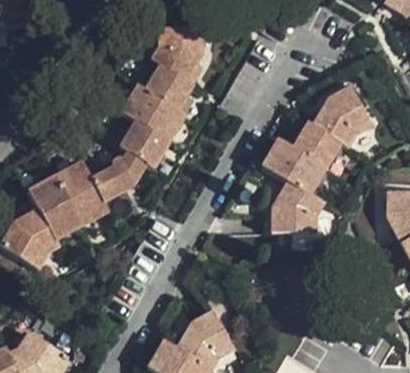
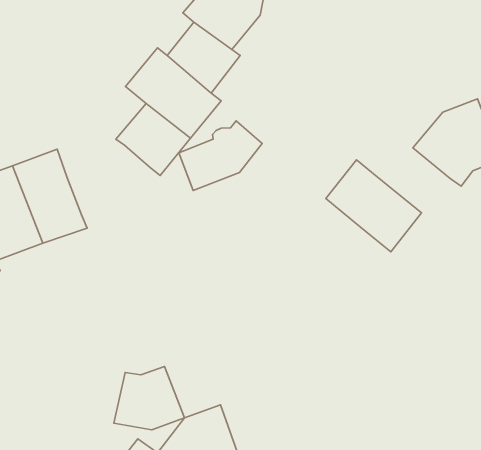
building: [293,121,340,165] -> none
building: [92,150,145,200] -> [179,121,262,191]
building: [273,180,322,232] -> none
building: none -> [114,366,184,430]

